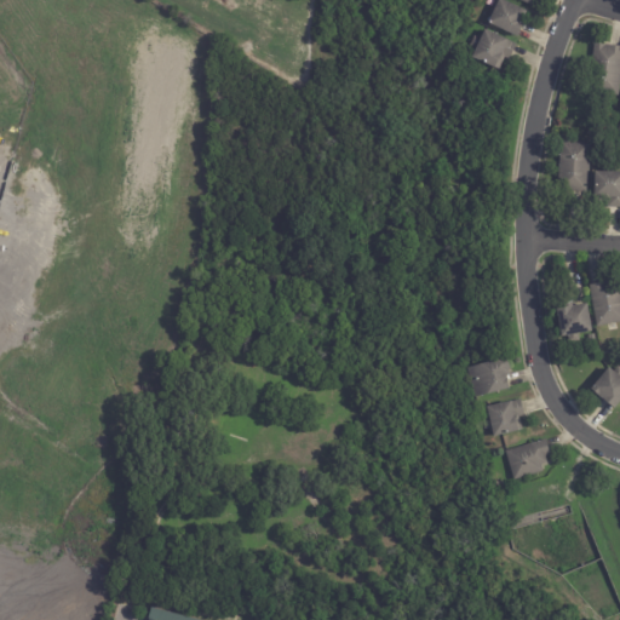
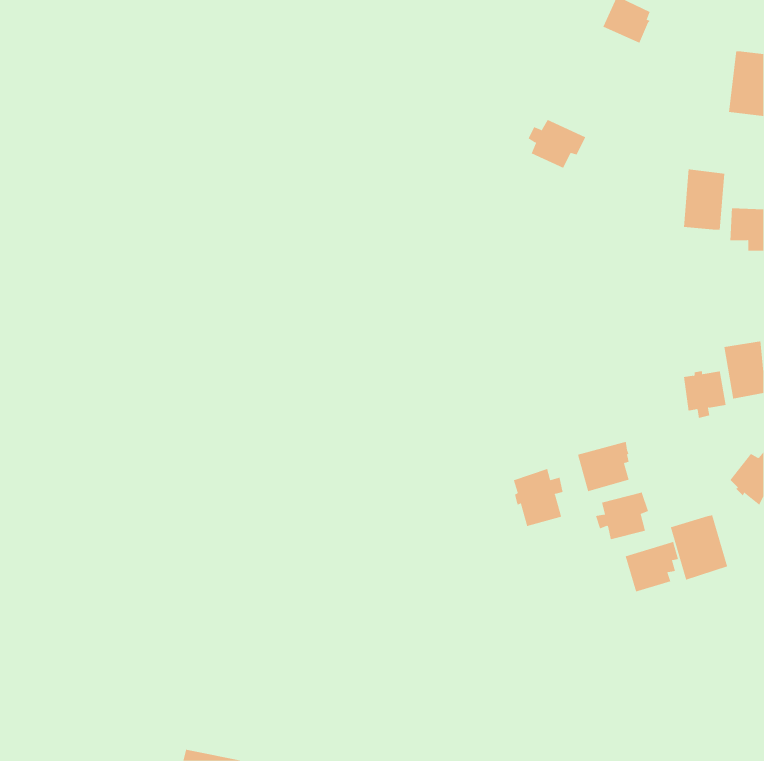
building: [470,28,517,68] -> [528,119,586,169]
building: none -> [513,468,563,527]
building: none -> [670,514,728,581]

